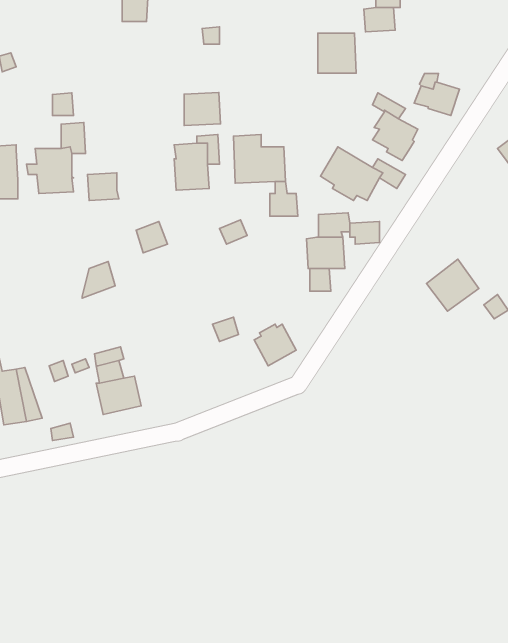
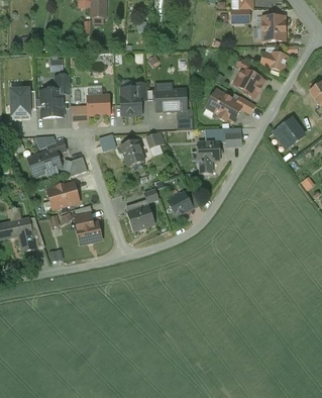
building: [318,33,356,73] -> [262,16,285,39]
building: [184,93,221,126] -> [88,95,109,114]
building: none -> [120,139,144,166]
building: none -> [30,140,66,175]
building: [427,259,479,311] -> [274,117,304,147]
building: none -> [46,182,80,209]
building: none -> [127,205,154,230]

